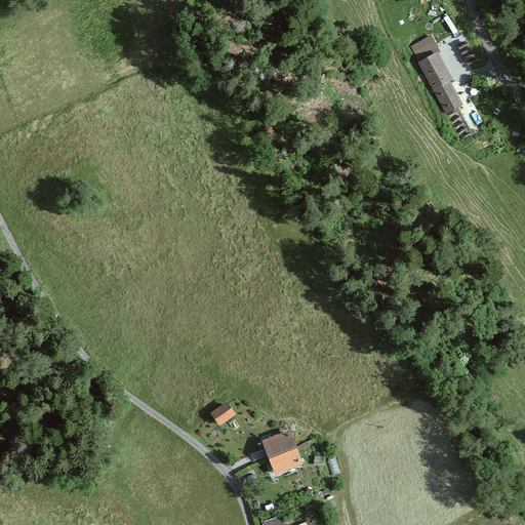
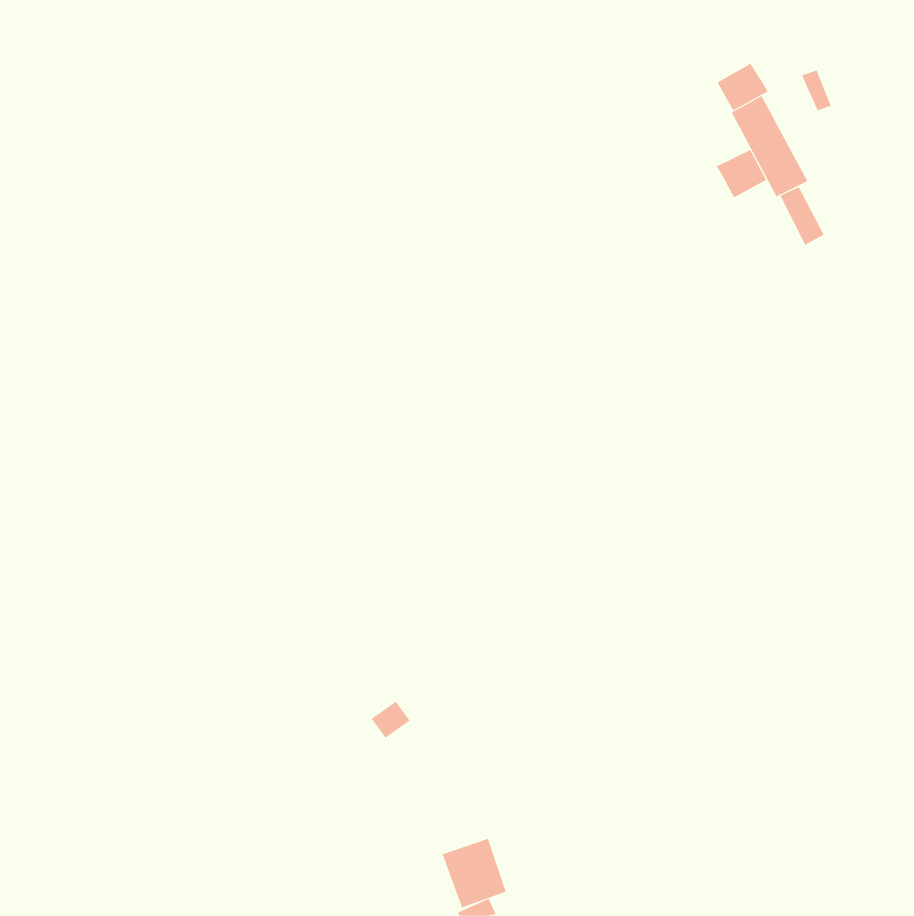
building: none -> [716,149,767,198]
building: [264,431,300,471] -> [442,838,506,908]

